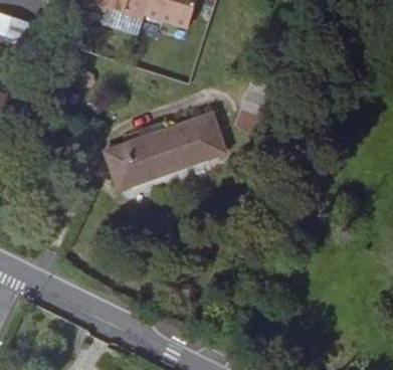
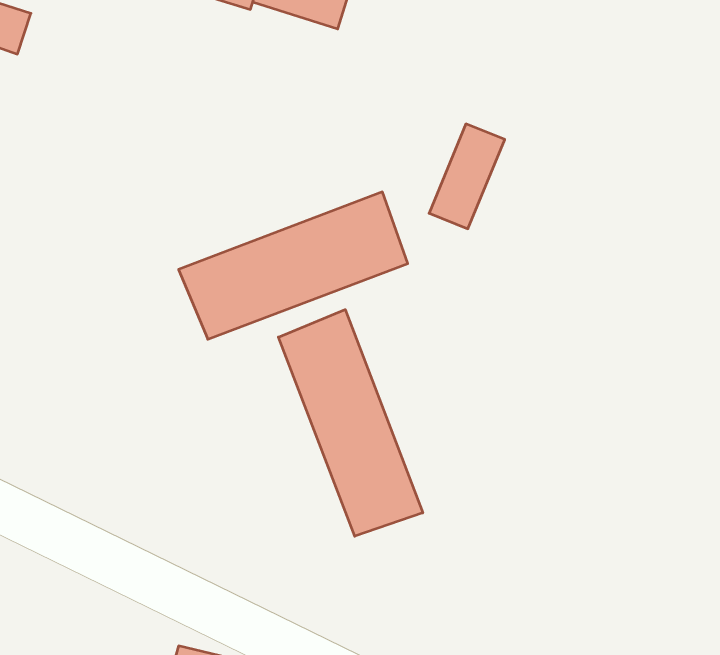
building: none -> [278,310,423,536]

